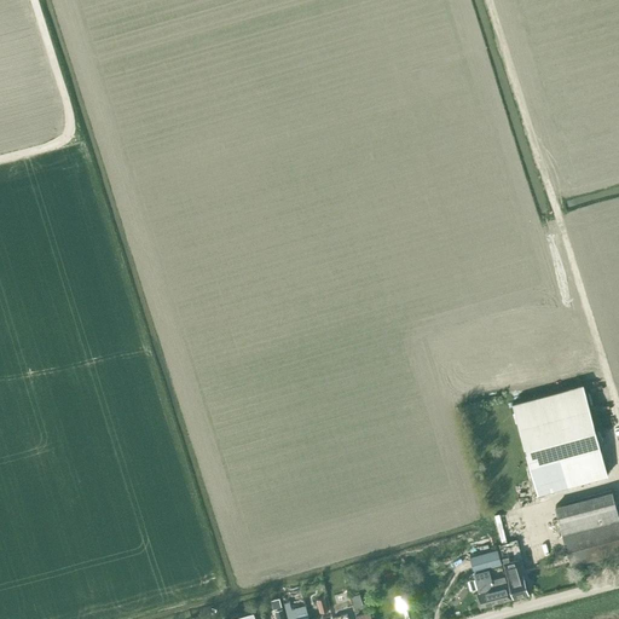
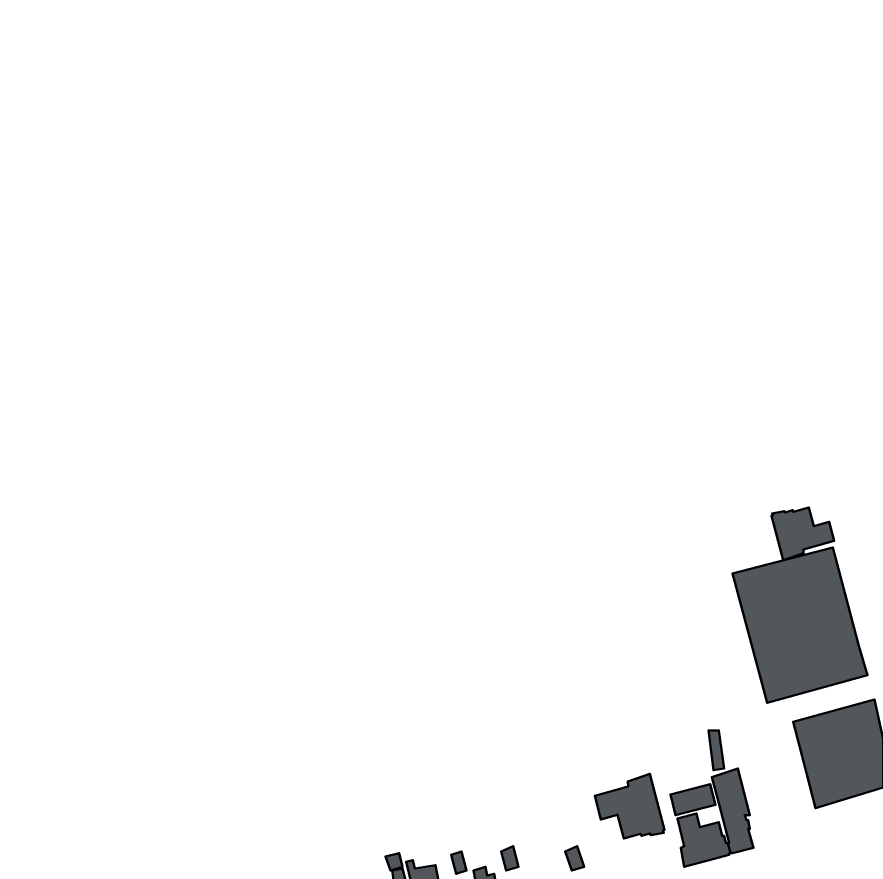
building: none -> [771,507,834,560]
building: none -> [595,774,665,839]

